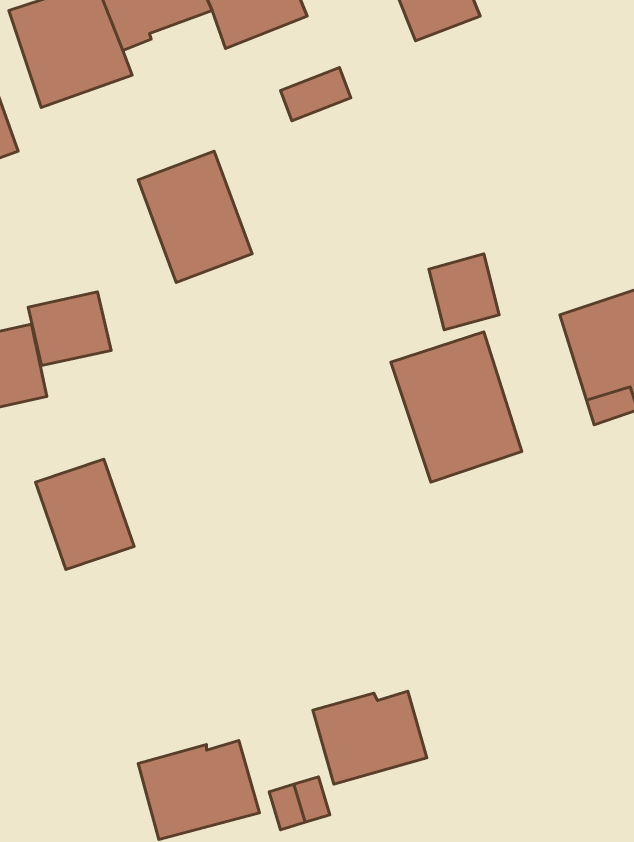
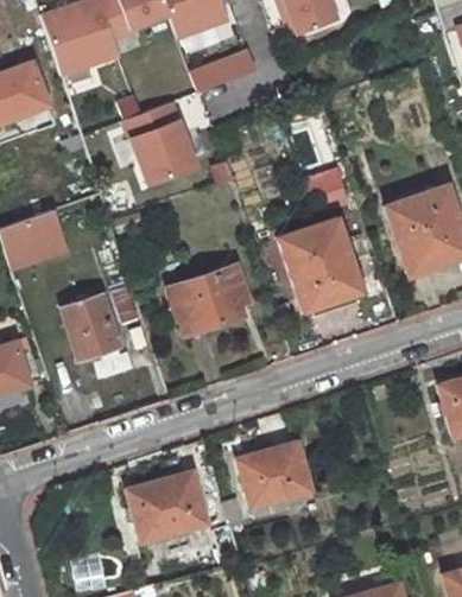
building: [28,292,111,366] -> none
building: none -> [169,256,249,328]

